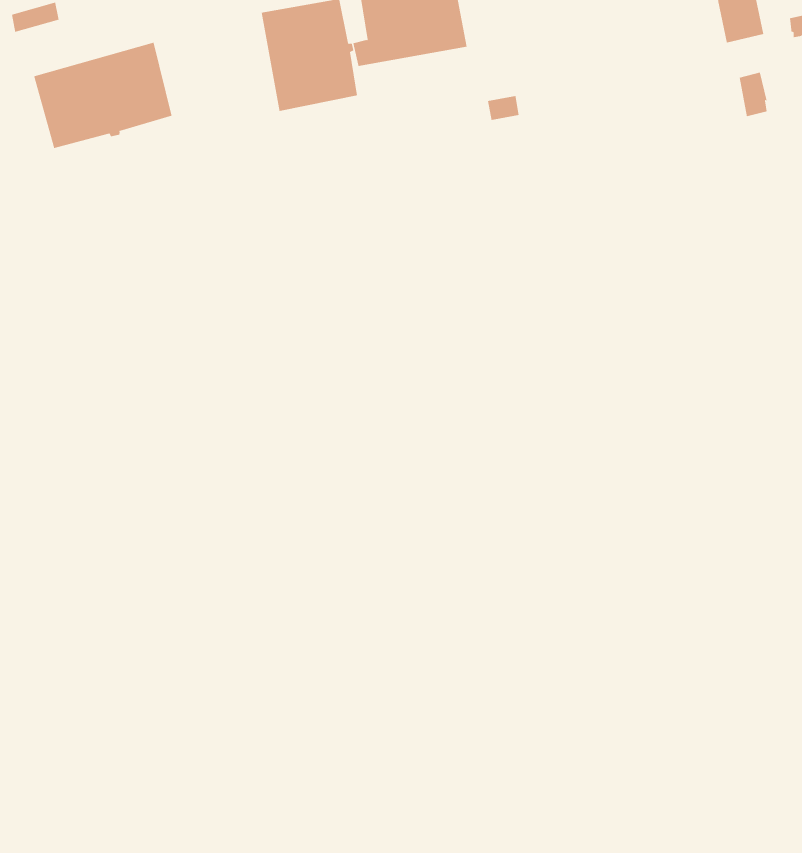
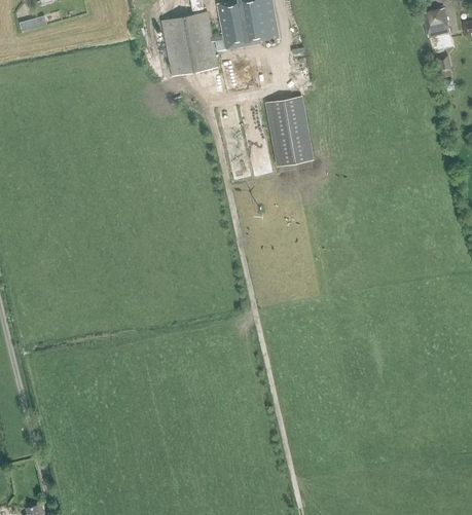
building: [33,42,172,149] -> none
building: none -> [265,96,314,167]

